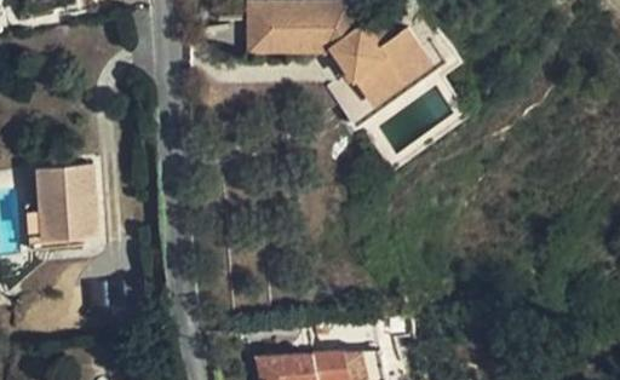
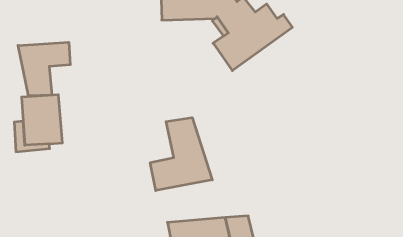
building: none -> [18,42,70,96]
building: none -> [150,118,212,191]

